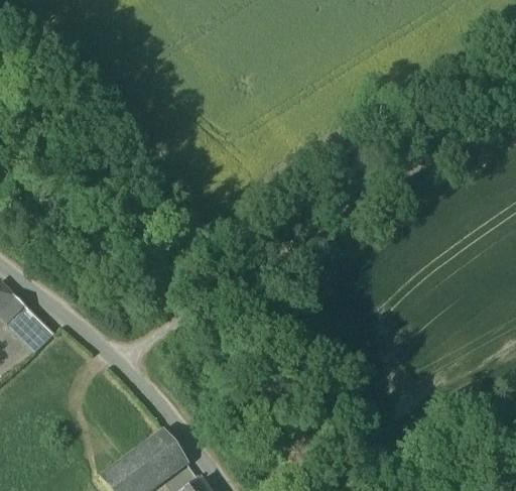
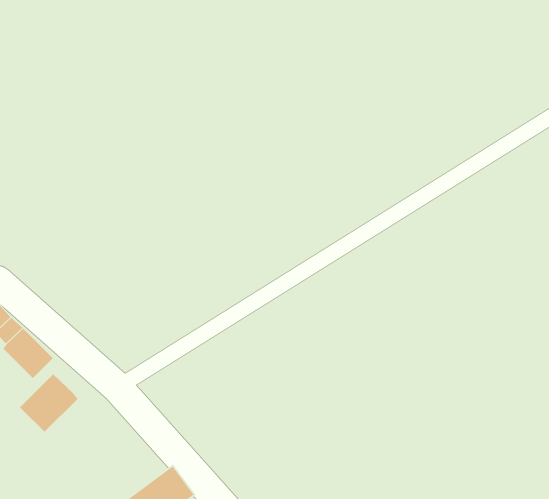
building: none -> [19,374,78,433]

